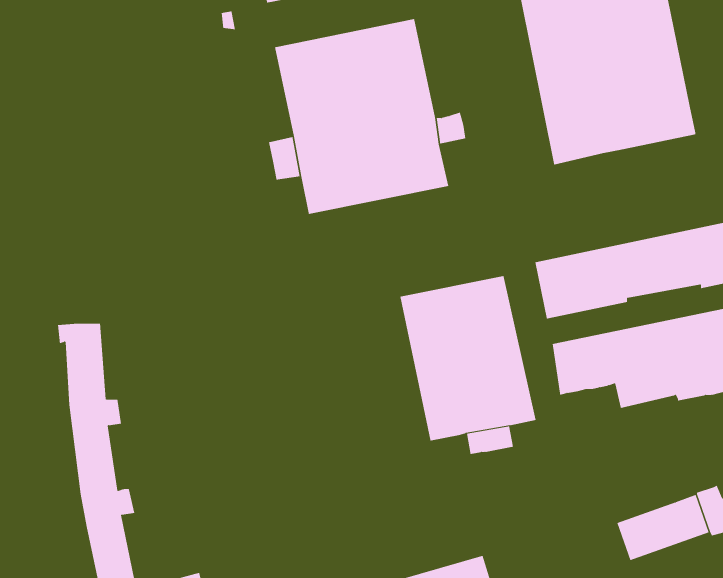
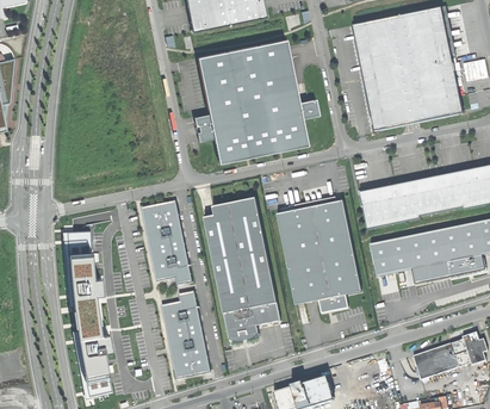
building: none -> [201,198,280,341]
building: none -> [141,200,191,284]
building: none -> [160,291,209,377]

